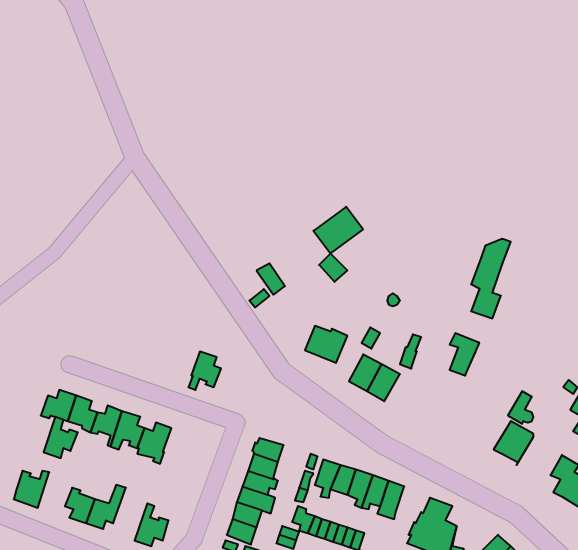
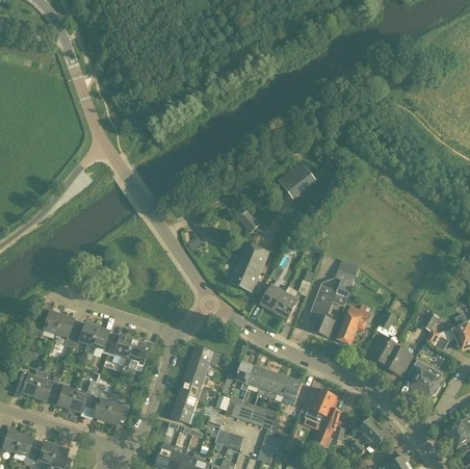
building: [313,207,363,254] -> [279,162,315,197]
building: [471,239,511,318] -> [312,278,341,336]
building: none -> [236,241,269,271]
building: [188,352,221,390] -> [123,339,147,367]
building: none -> [336,304,371,344]
building: [44,417,78,458] -> [33,371,58,401]
building: none -> [384,345,413,372]
building: none -> [88,383,113,421]

